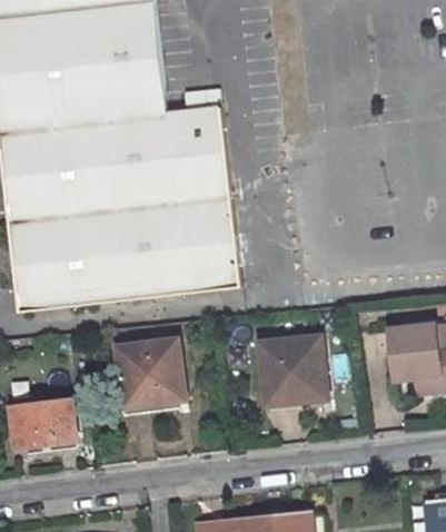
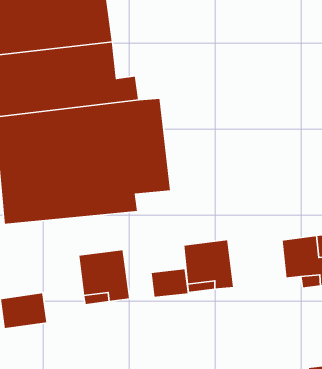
building: [191,105,225,140] -> none
building: [191,263,241,290] -> none
building: none -> [151,268,188,298]

